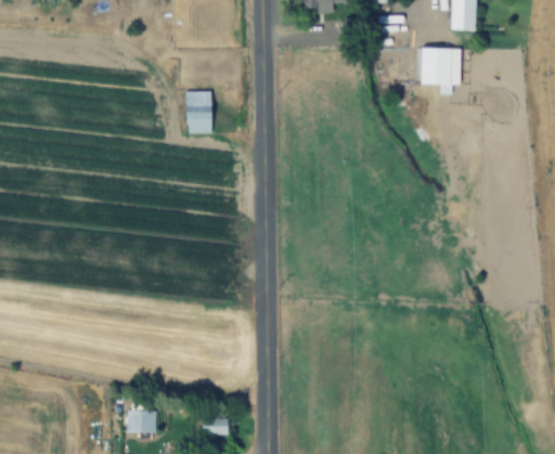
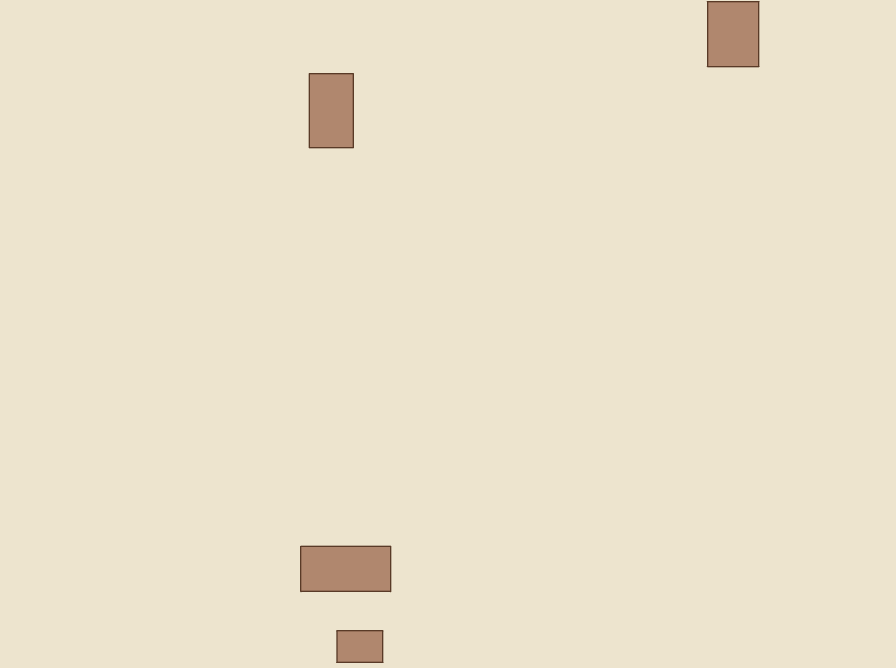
building: none -> [301,546,391,592]
building: [126,410,156,433] -> none

